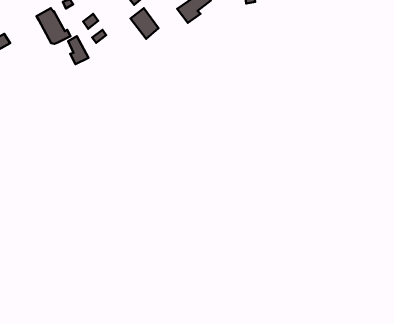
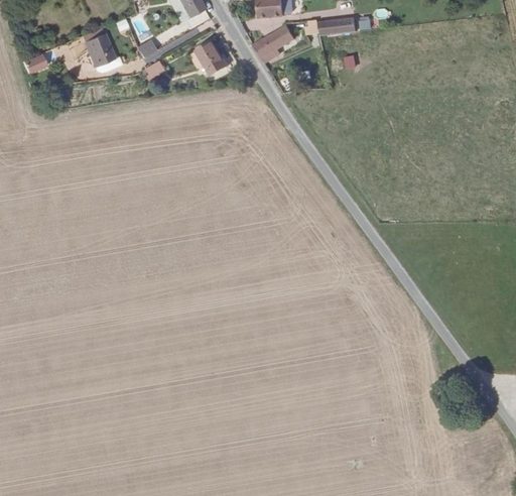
building: [68,36,88,64] -> none

